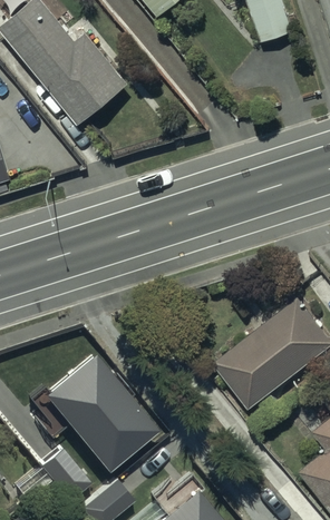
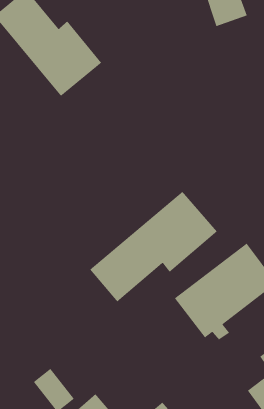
building: none -> [89,191,218,303]
building: [41,345,159,467] -> none

